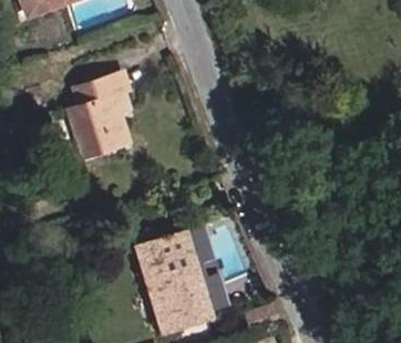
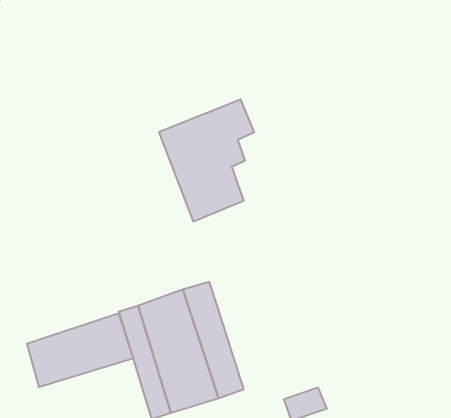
building: [59,67,130,158] -> [159,99,254,221]
building: none -> [27,313,133,387]

